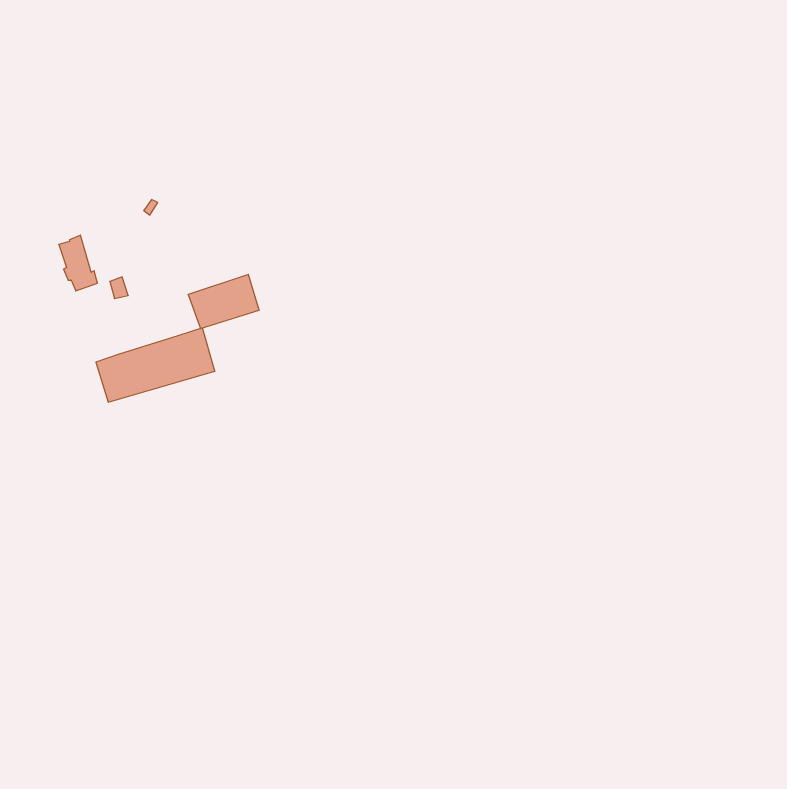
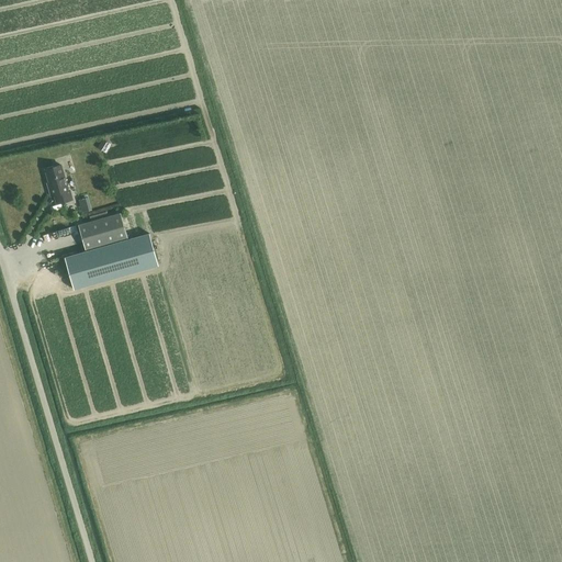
building: [188,274,259,329] -> [78,214,128,252]

